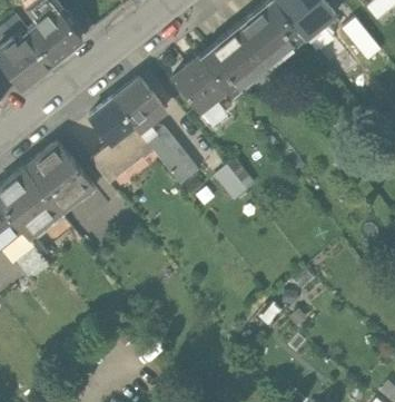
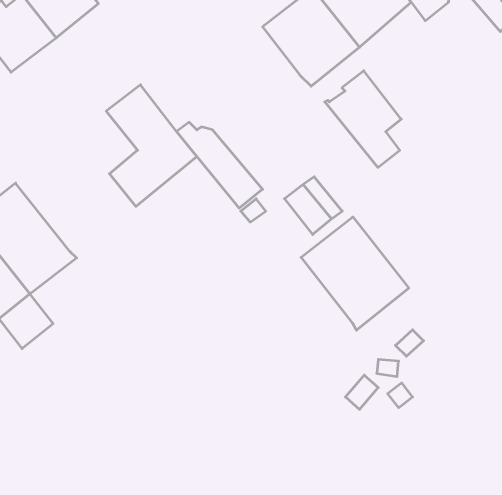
building: [171,56,226,125] -> [325,71,401,167]
building: [112,77,165,130] -> none
building: [23,141,95,216] -> none
building: none -> [301,217,409,330]

